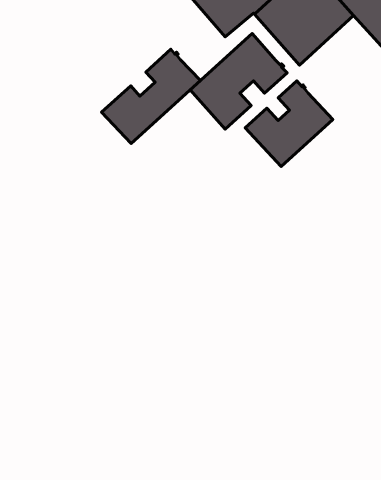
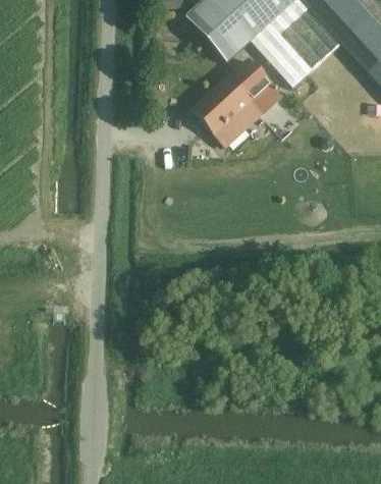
building: [102,49,200,144] -> none
building: [245,81,333,166] -> none

